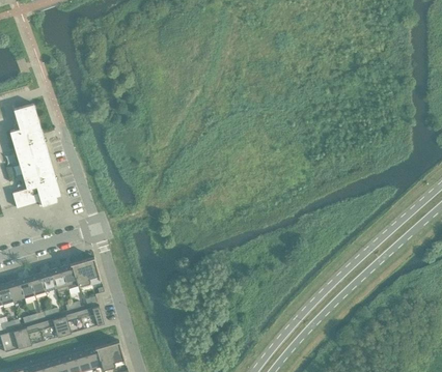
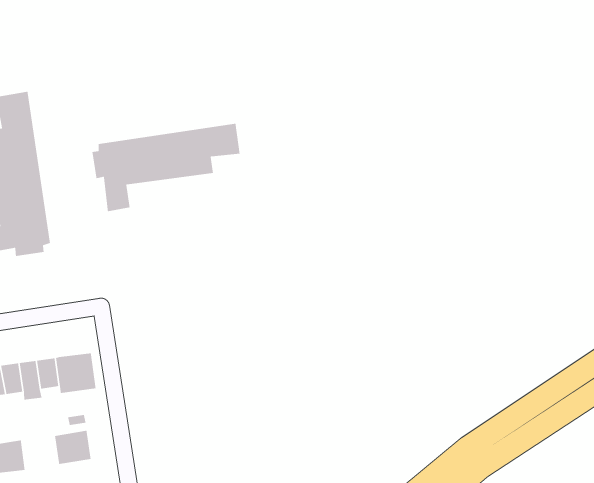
building: none -> [92,123,240,212]
building: [58,313,83,337] -> none

